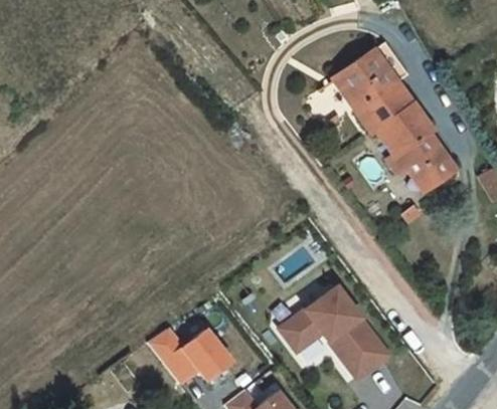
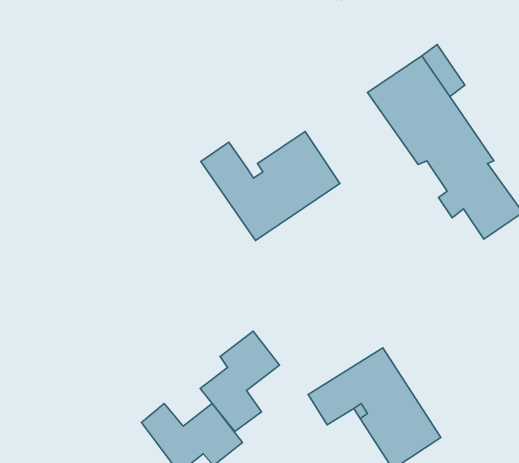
building: none -> [201,131,340,240]
building: none -> [200,331,280,431]

